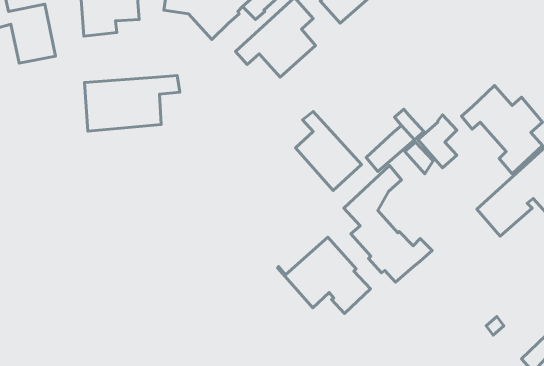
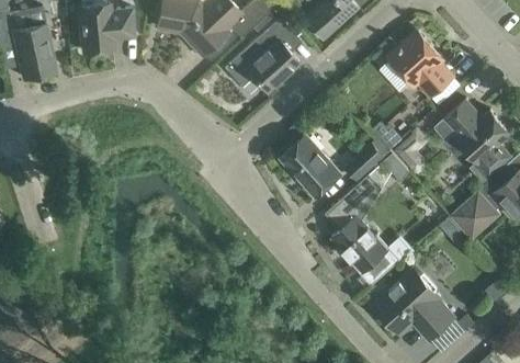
building: none -> [387,30,453,97]
building: [84,76,180,131] -> none
building: [277,237,370,314] -> [366,269,453,340]

